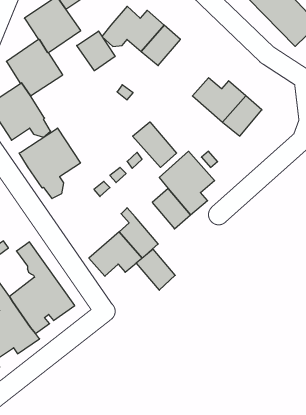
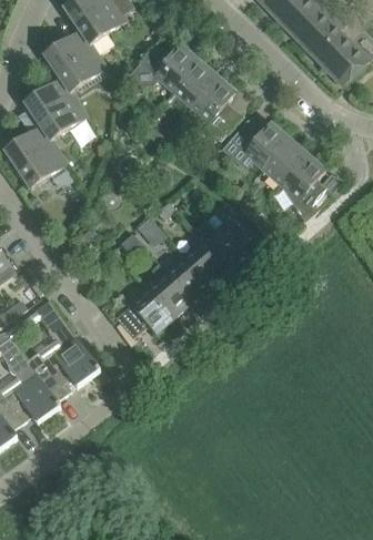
building: [77,31,115,71] -> none
building: none -> [192,78,242,135]
building: none -> [282,155,332,223]
building: [133,122,177,167] -> none
building: [19,128,80,199] -> none
building: [136,249,175,290] -> [167,257,210,303]

